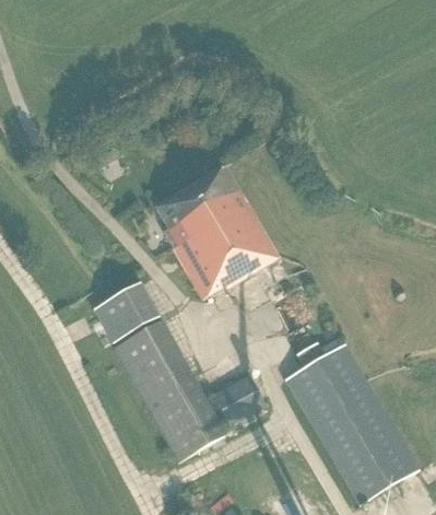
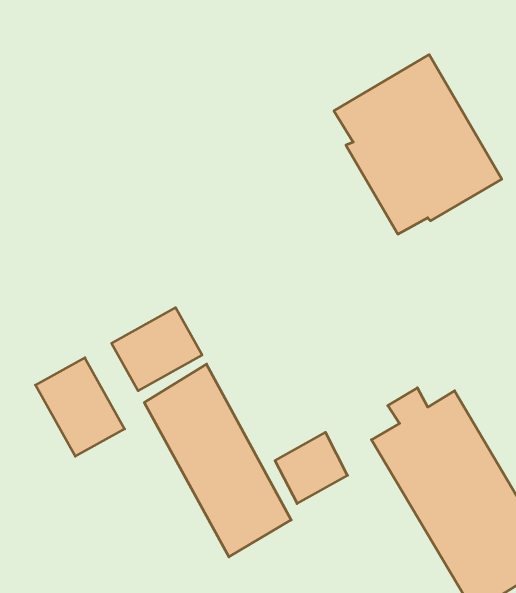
building: [155,163,279,295] -> [334,55,502,234]
building: none -> [35,358,125,456]

